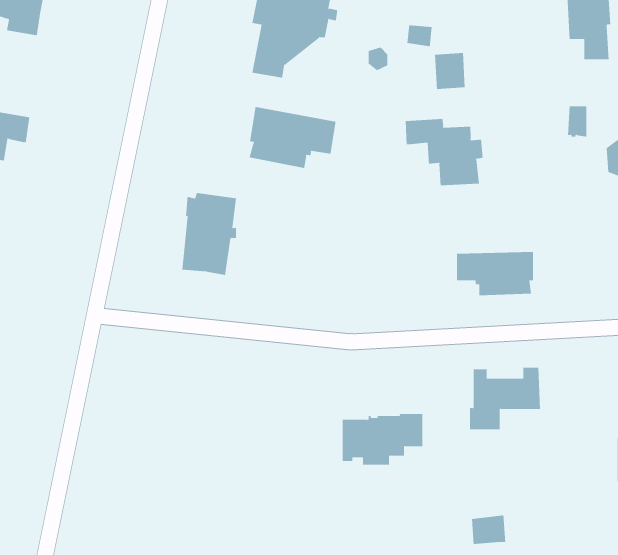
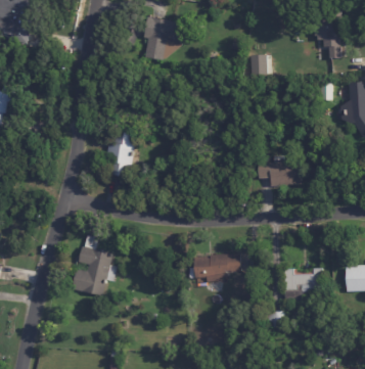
building: [249,106,336,169] -> none
building: [405,118,483,186] -> none
building: [469,367,541,430] -> [284,268,324,303]
building: none -> [72,235,116,295]

